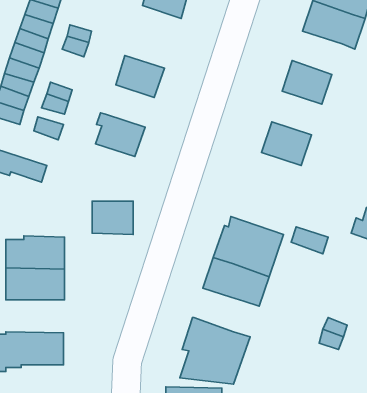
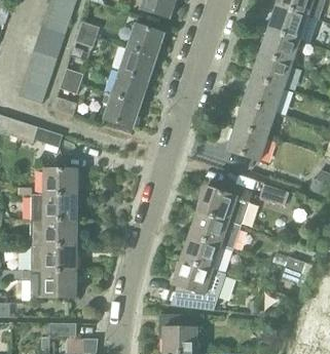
building: none -> [125,23,166,57]
building: none -> [260,28,300,63]
building: none -> [110,71,149,105]
building: none -> [244,76,284,111]
building: none -> [227,125,267,160]
building: [92,201,133,235] -> [44,166,77,193]
building: none -> [180,234,221,269]
building: none -> [30,243,77,270]

